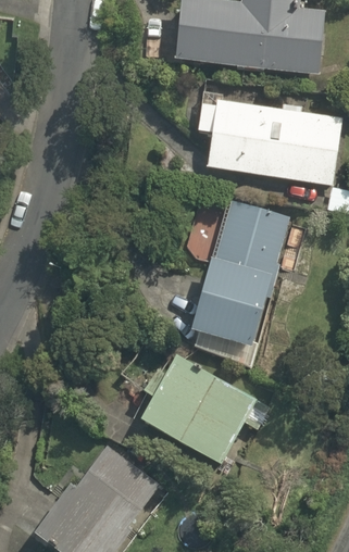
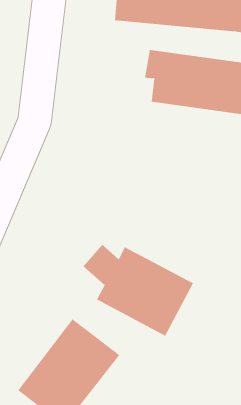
building: [187,199,290,353] -> none

